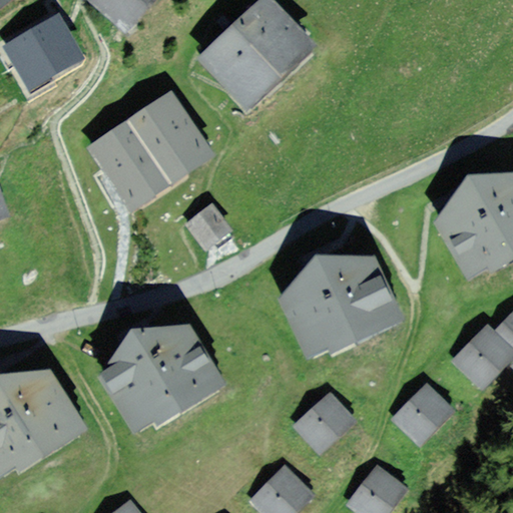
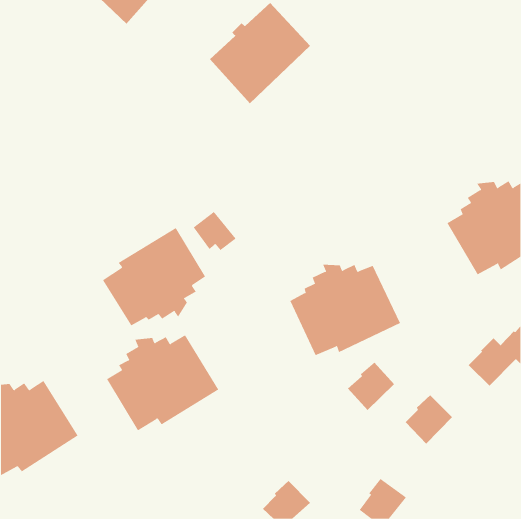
building: [10,23,75,82] -> none
building: [94,100,201,201] -> none
building: none -> [102,227,206,326]
building: [299,397,346,445] -> [347,362,395,411]

